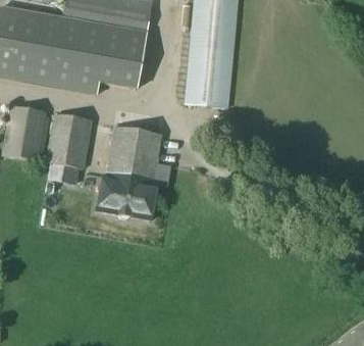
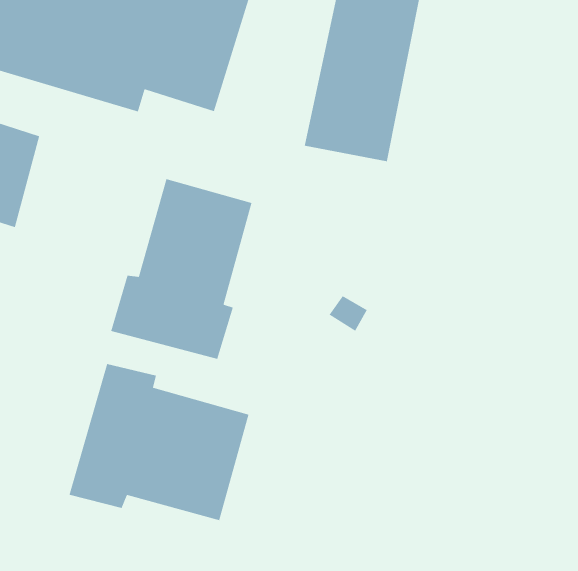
building: [45,113,92,169] -> none
building: none -> [69,363,249,521]

